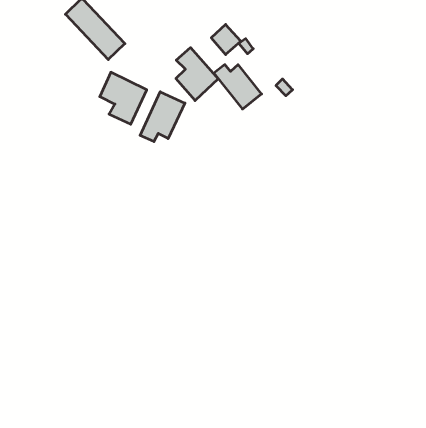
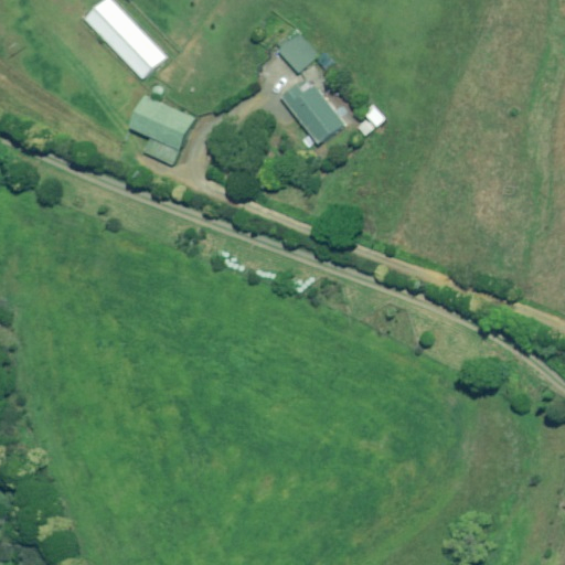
building: [176,48,218,101] -> none
building: [140,92,185,142] -> none

